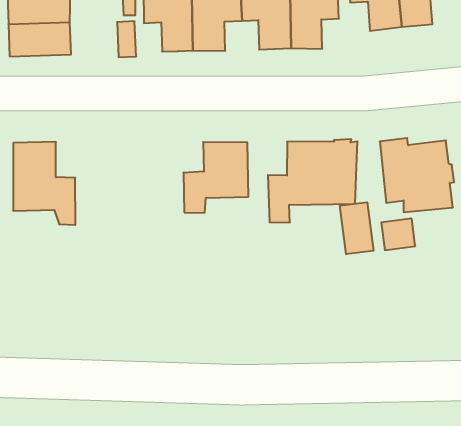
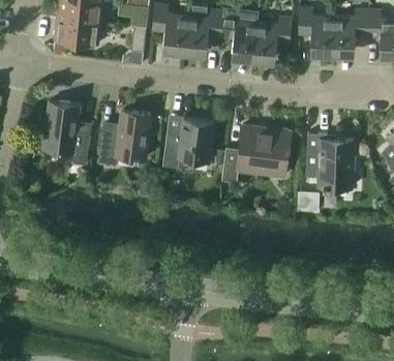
building: none -> [98,111,151,164]
building: [340,202,374,254] -> none

